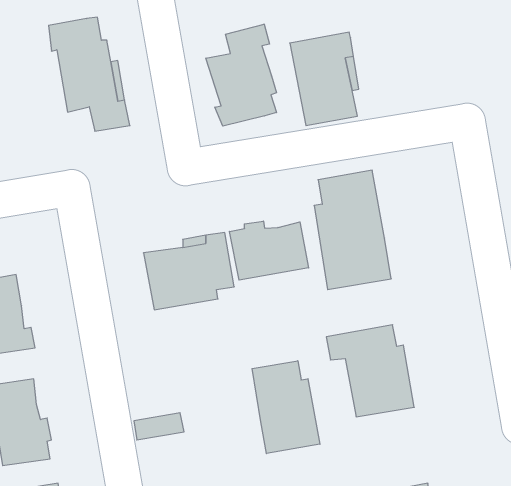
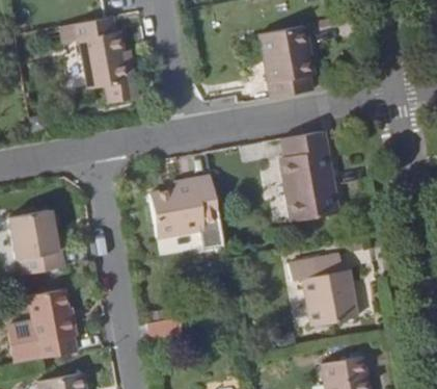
building: [206,24,276,126] -> none
building: [229,221,309,280] -> none
building: [252,361,320,454] -> none

